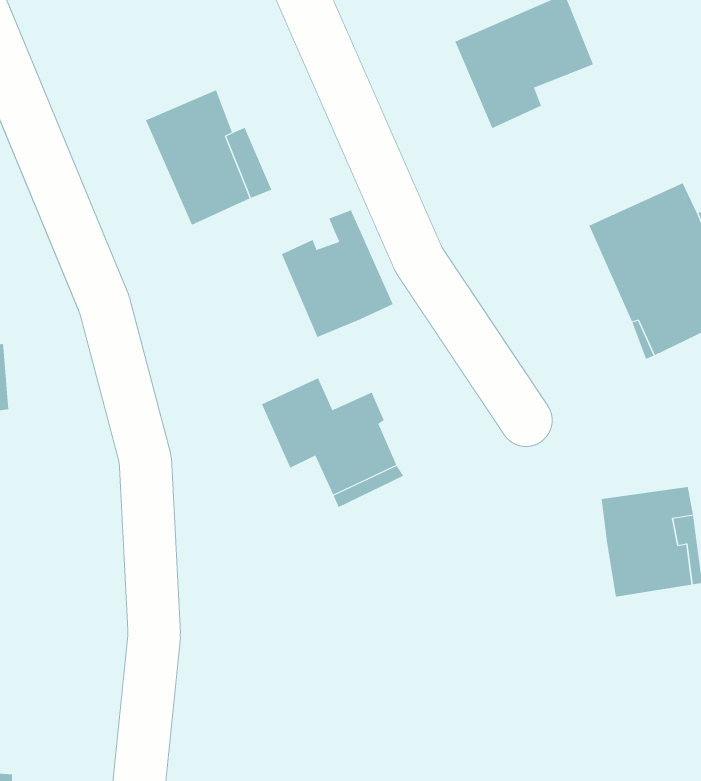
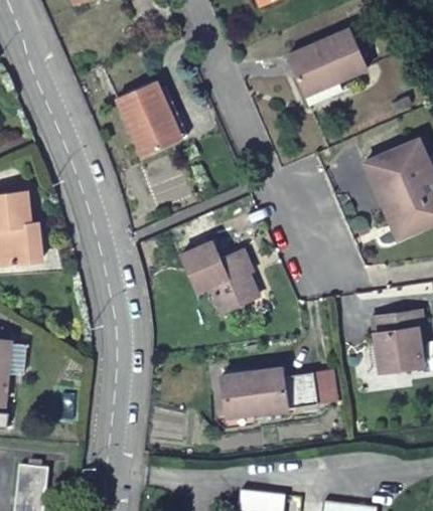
building: [281,210,393,338] -> none
building: none -> [224,366,321,414]

